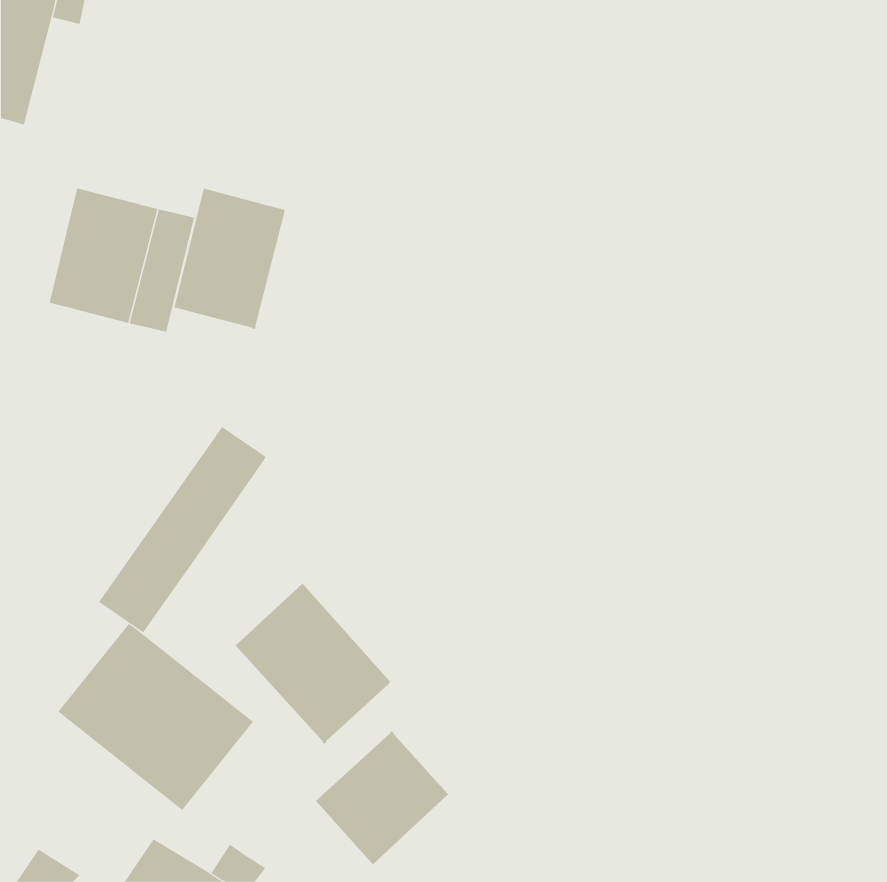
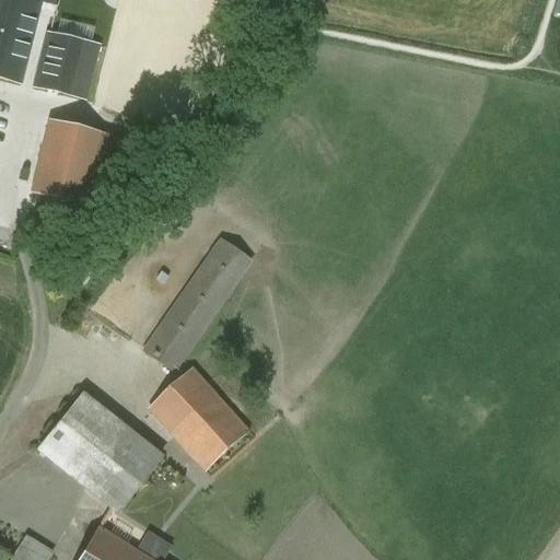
building: none -> [36,33,98,95]
building: [174,188,286,329] -> none
building: [98,426,267,633] -> [143,238,249,369]
building: [315,730,449,865] -> none

